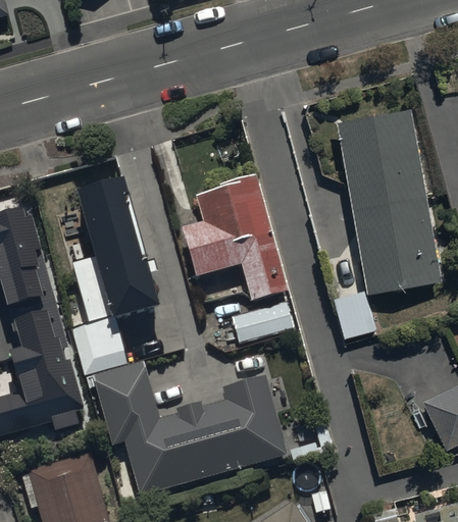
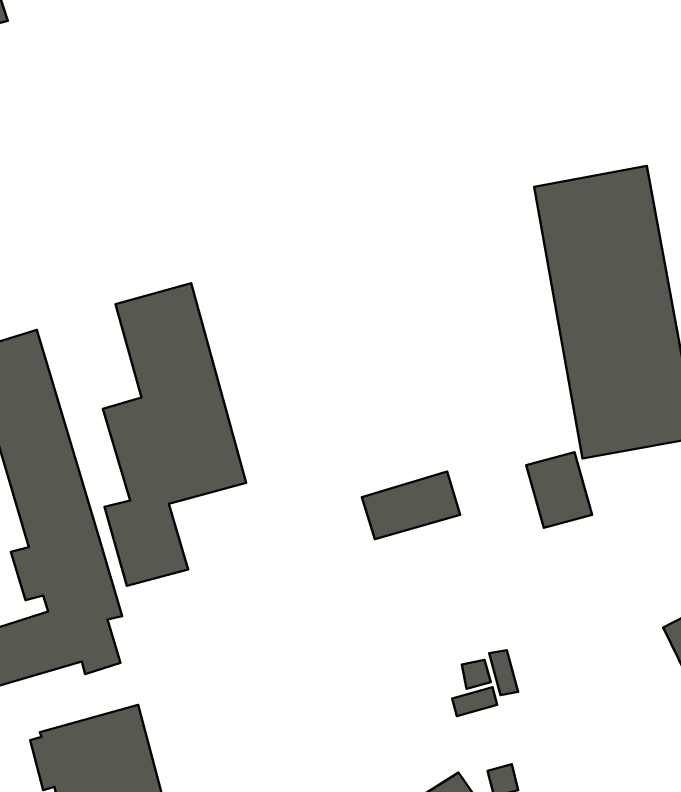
building: [183,175,289,302] -> none
building: [93,363,287,498] -> none

